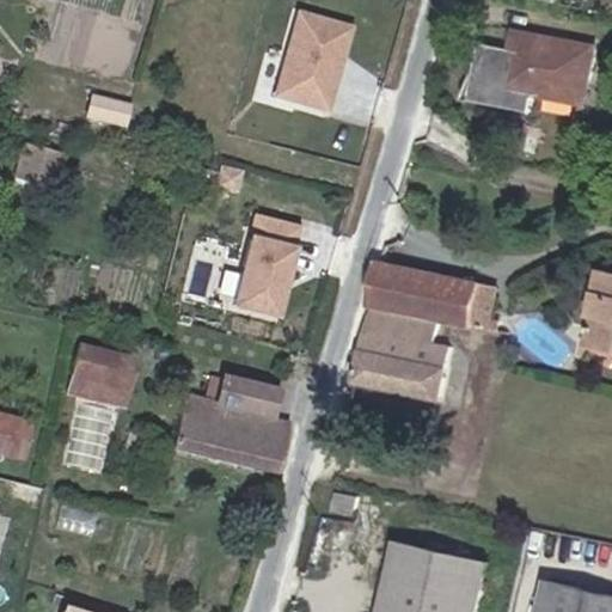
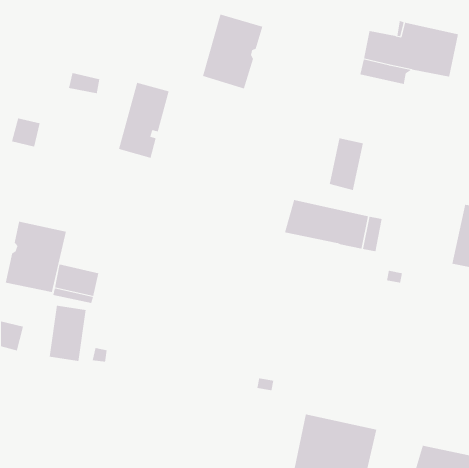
building: none -> [329,138,364,191]
building: [222,216,289,316] -> [118,82,170,158]
building: none -> [5,221,67,293]
building: [350,305,451,402] -> none
building: [173,377,286,473] -> none

